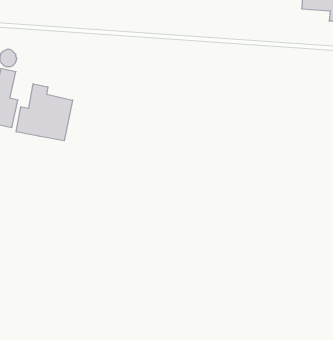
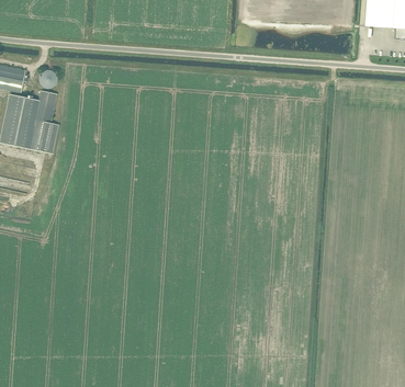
building: [16,84,73,141] -> none

